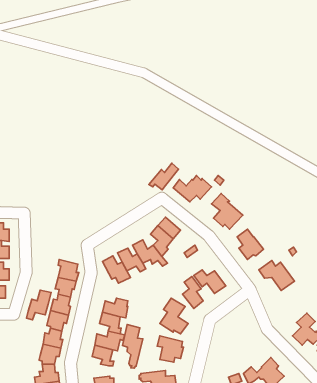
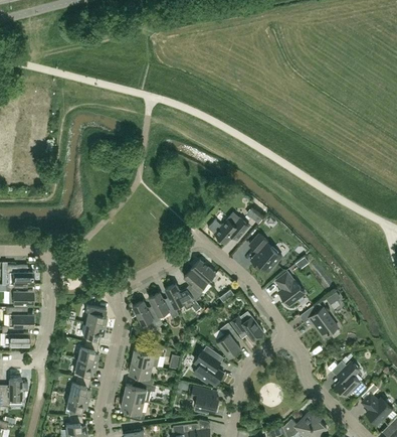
building: [149,163,178,190] -> none
building: [26,290,51,320] -> none
building: [123,324,143,368] -> none

